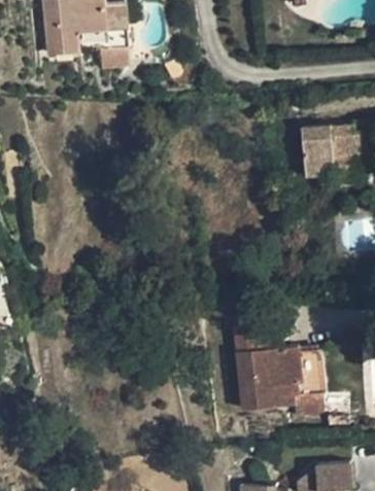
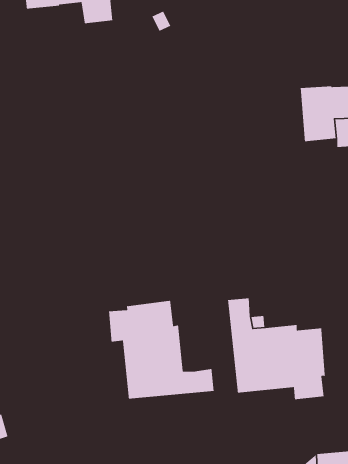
building: none -> [108,300,215,400]

